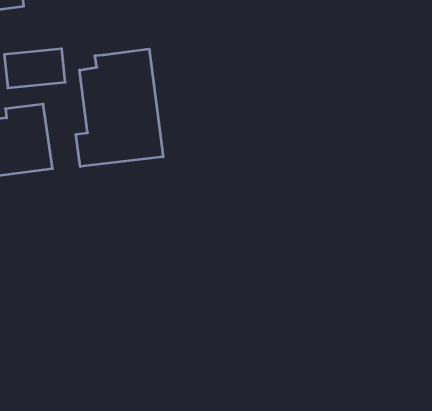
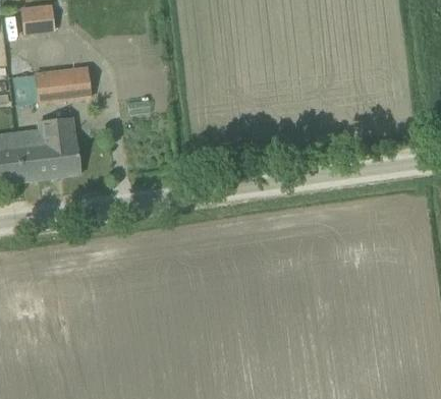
building: [76,49,163,167] -> none

